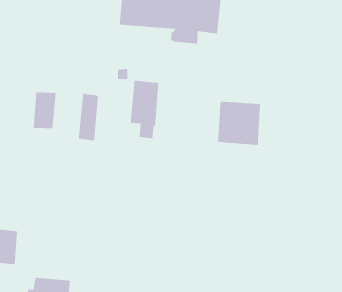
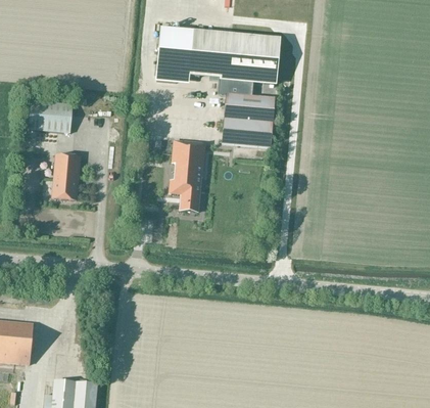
building: none -> [28,96,73,133]
building: [78,93,98,142] -> none
building: [217,101,261,146] -> [221,93,274,147]

